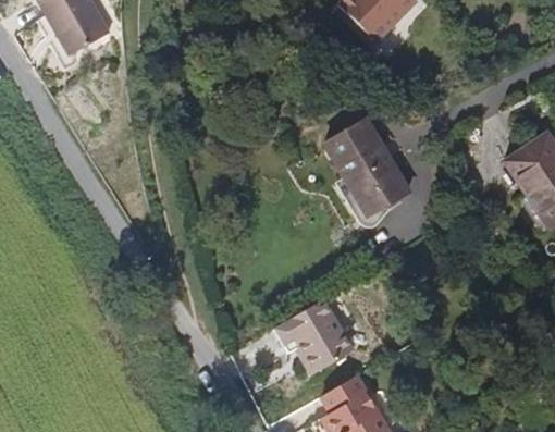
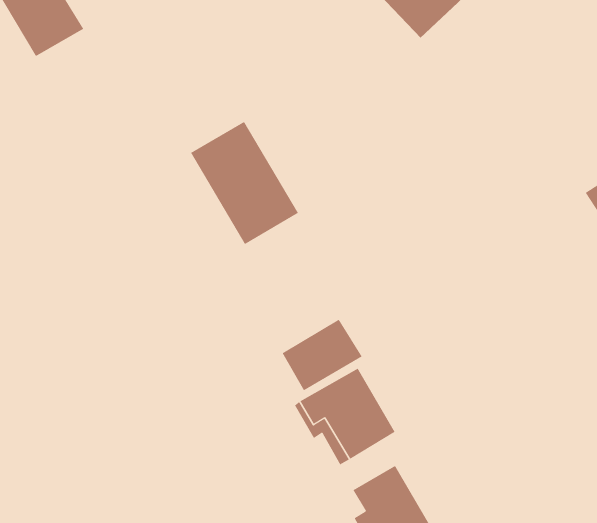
building: [323,121,408,218] -> [190,121,299,245]
building: none -> [282,319,363,391]

